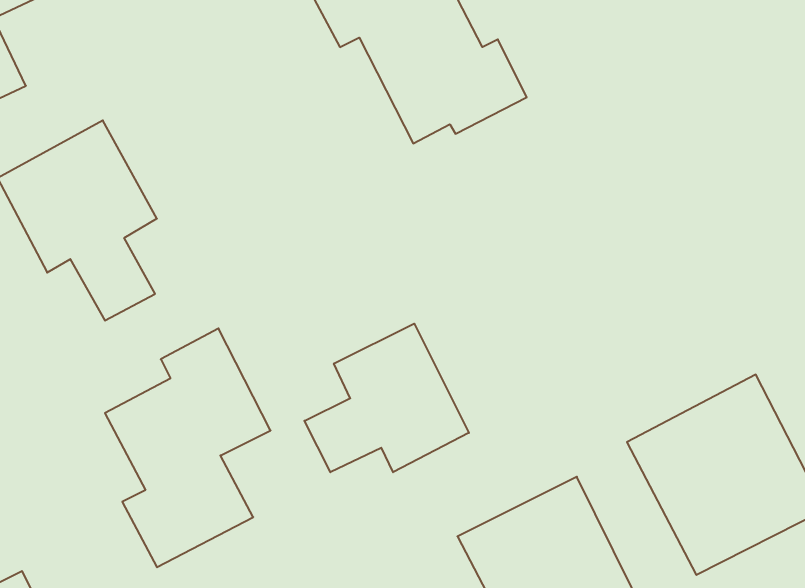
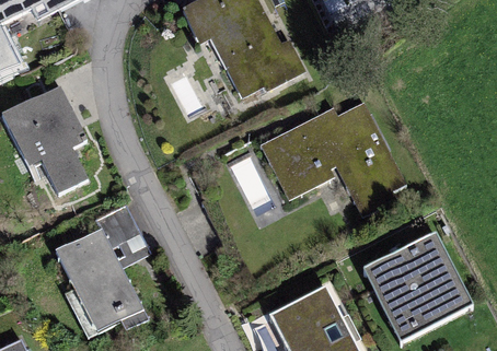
building: none -> [257,100,403,214]
building: [304,324,469,472] -> none

